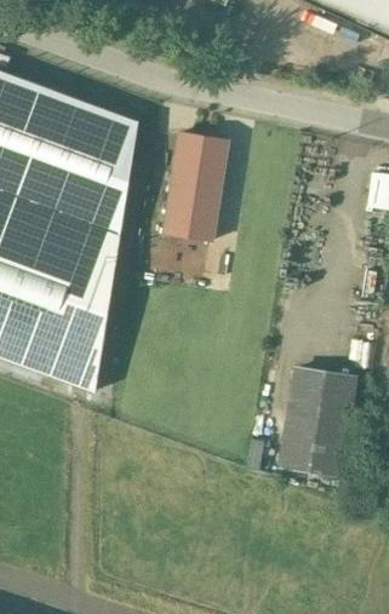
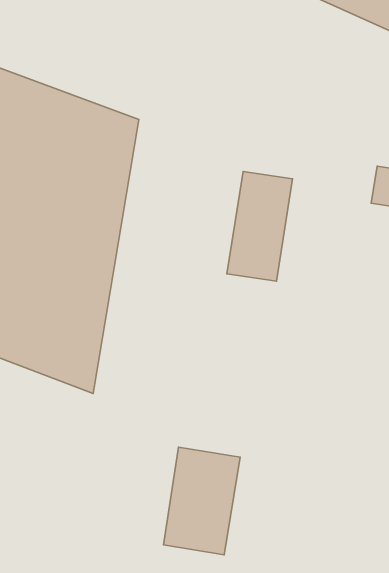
building: [164,133,228,241] -> [227,171,292,281]
building: [280,368,355,474] -> [164,447,240,555]

